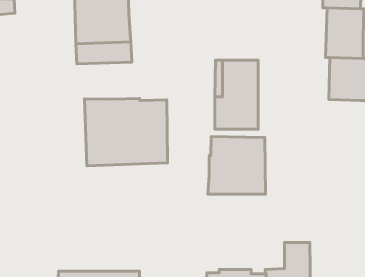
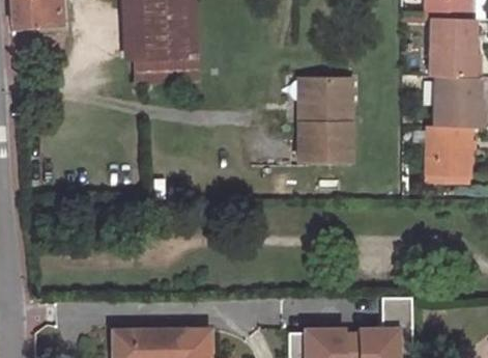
building: [85,98,168,166] -> none
building: none -> [426,125,471,175]
building: [208,137,265,194] -> none

